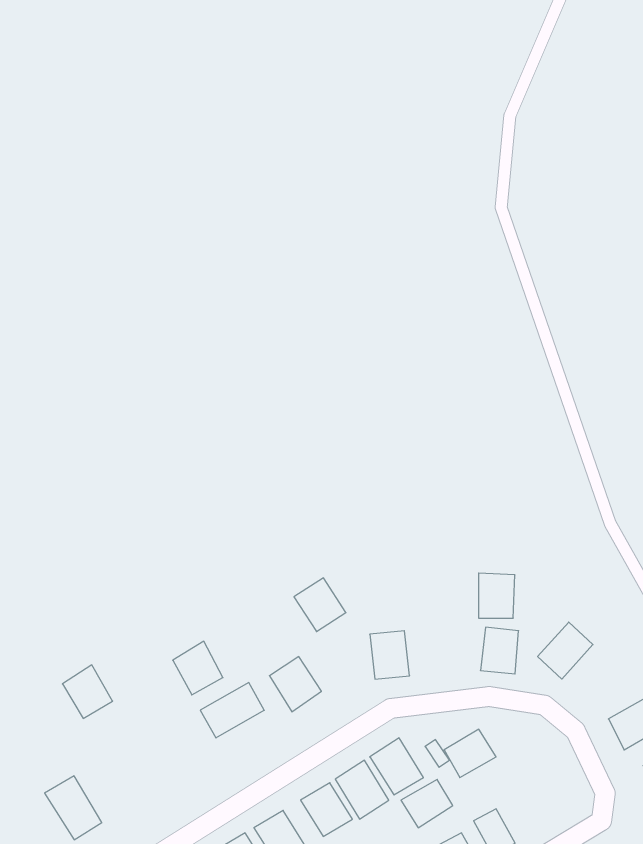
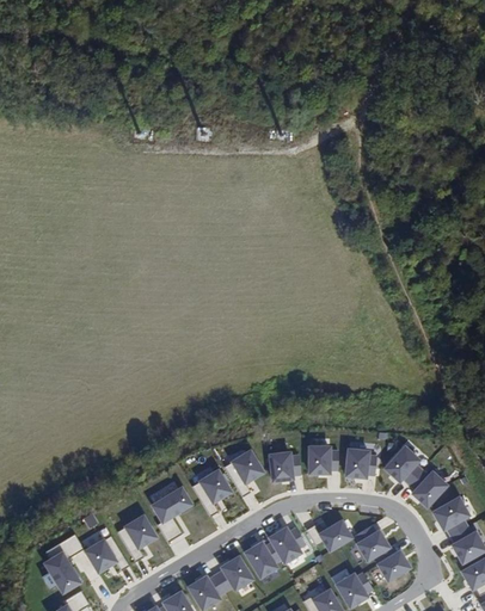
building: [479,573,515,618] -> [307,444,332,475]
building: [294,578,346,632] -> [229,448,265,485]
building: [173,641,223,695] -> [123,513,158,550]
building: none -> [410,469,449,508]
building: [62,665,113,718] -> [82,537,117,574]
building: none -> [379,551,410,581]
building: [401,779,453,828] -> [355,529,391,562]

